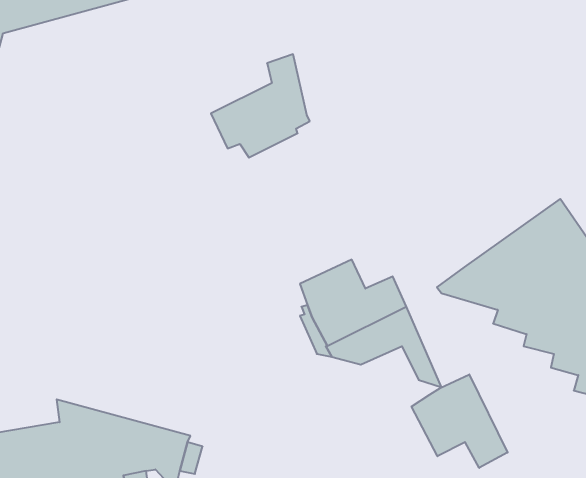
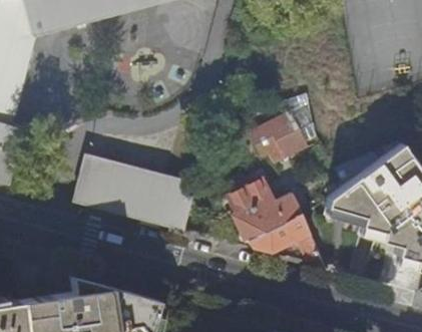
building: [211,54,310,158] -> [254,96,319,164]
building: none -> [74,157,196,231]
building: [412,374,508,468] -> none

